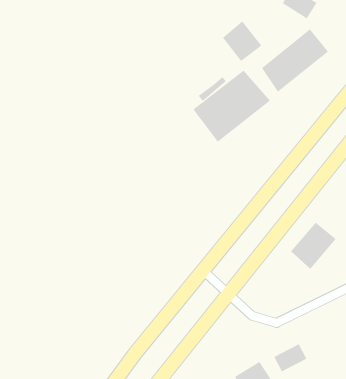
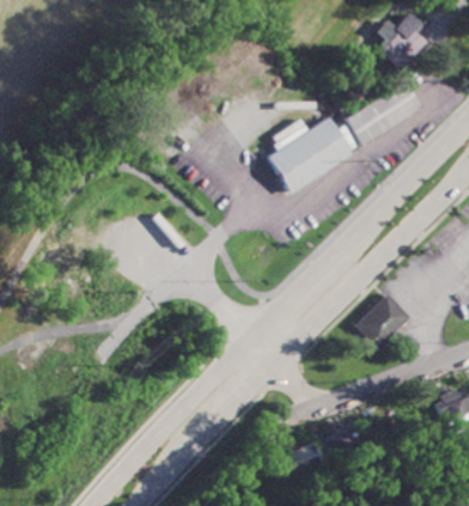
building: [222,21,262,62] -> none

